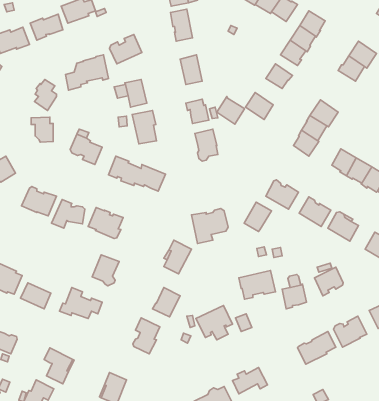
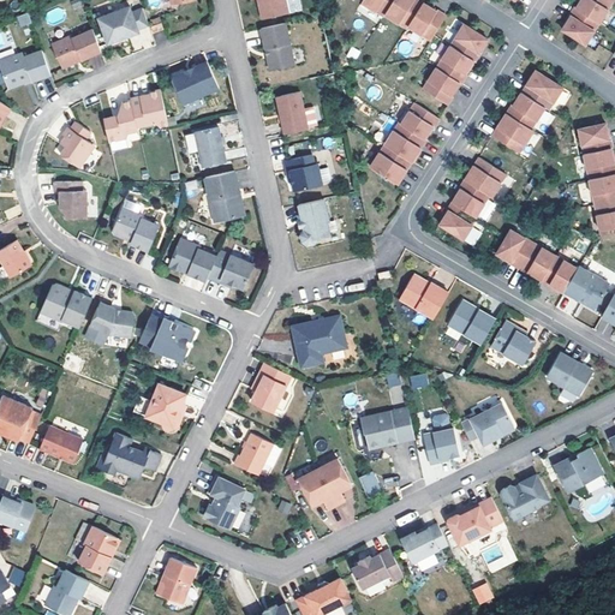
building: none -> [492,113,535,153]
building: [217,97,245,124] -> [384,123,425,163]
building: [244,202,271,231] -> none
building: none -> [401,524,447,561]

